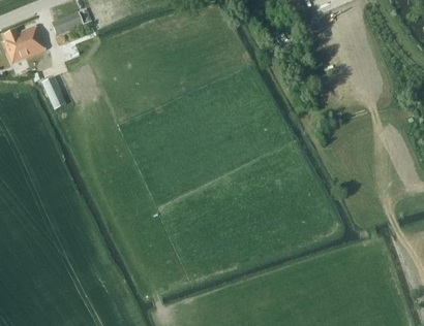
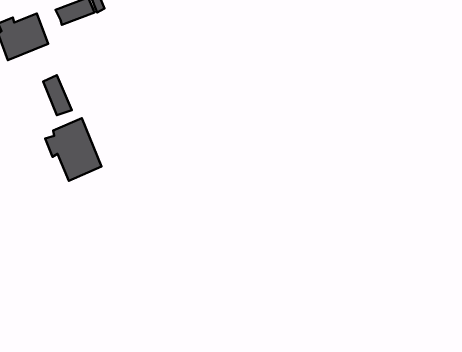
building: none -> [45,118,101,181]

